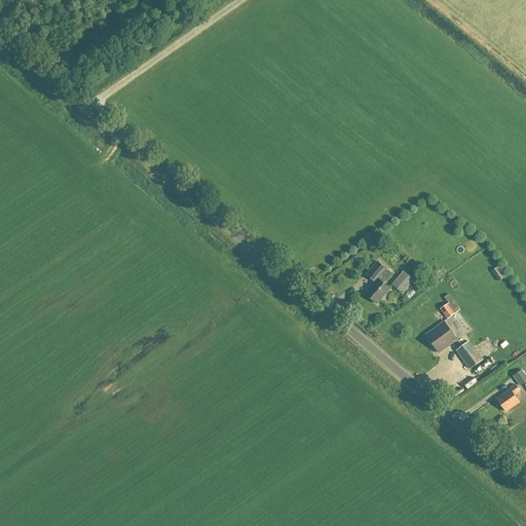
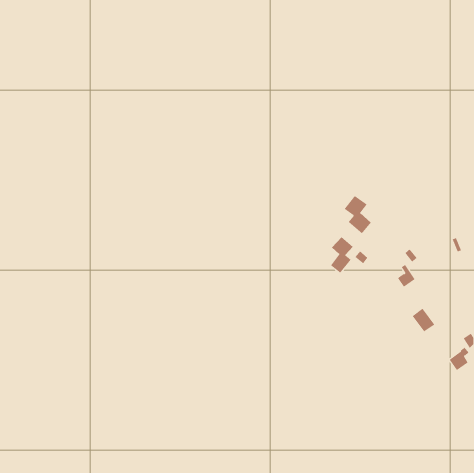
building: none -> [344,195,371,234]
building: [425,321,457,352] -> none

